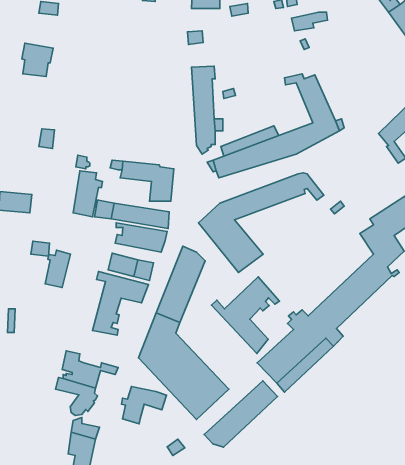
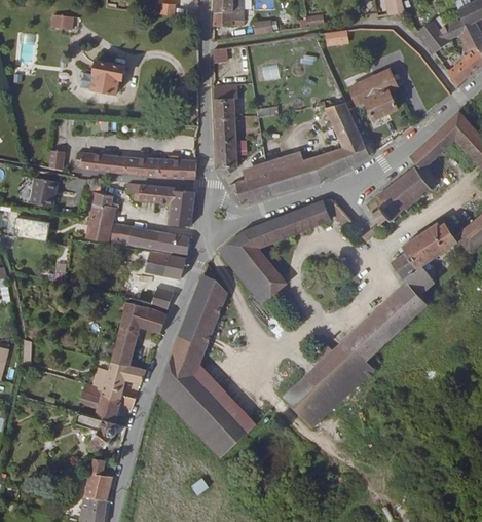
building: [22,43,53,77] -> [91,65,124,100]
building: none -> [348,65,399,116]
building: none -> [81,151,196,180]
building: none -> [364,166,432,231]
building: none -> [29,180,55,210]
building: [45,250,71,288] -> none
building: [211,277,279,354] -> none
building: [204,381,278,447] -> none
building: [122,386,167,424] -> [99,364,146,403]

